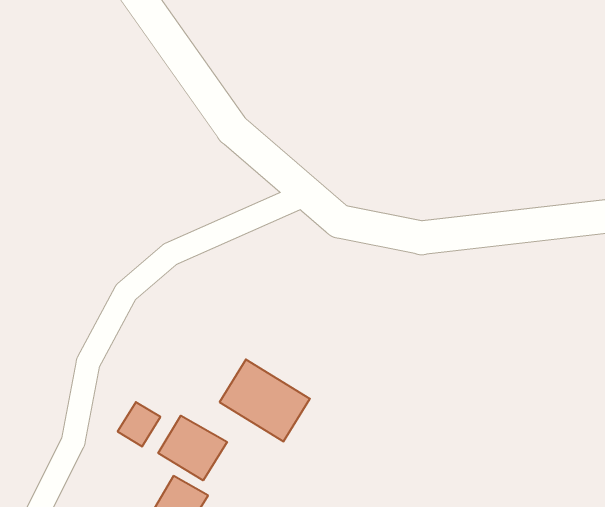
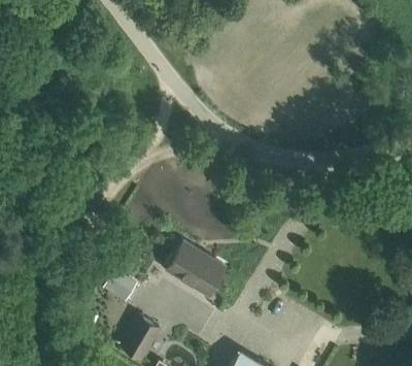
building: [158,416,227,480] -> none

